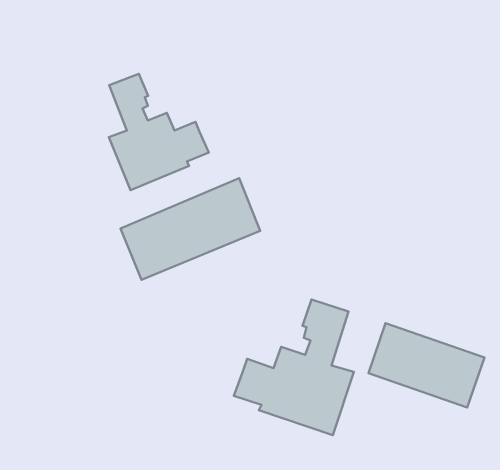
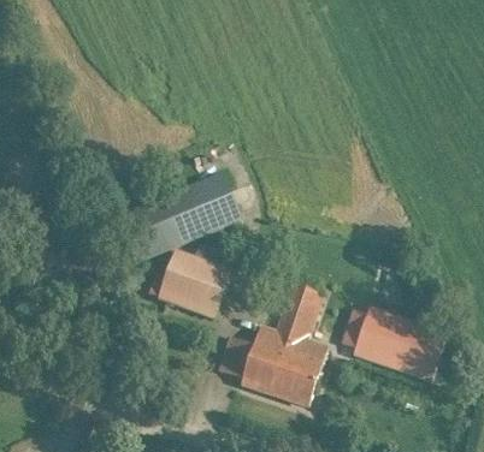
building: [109,74,209,190] -> none
building: none -> [161,256,229,319]

